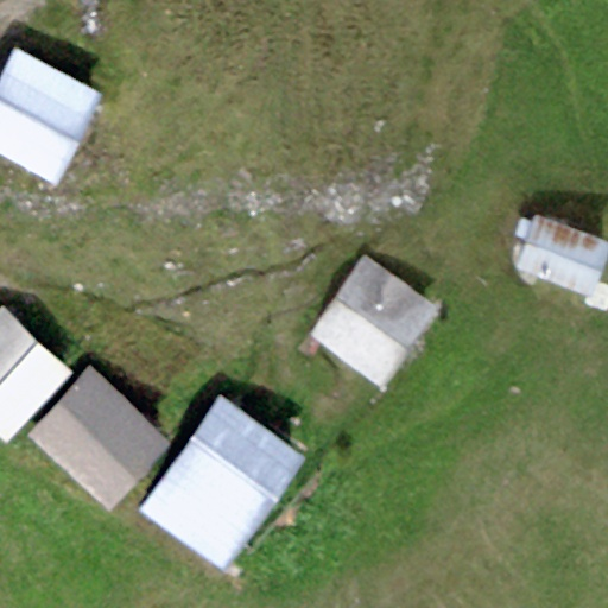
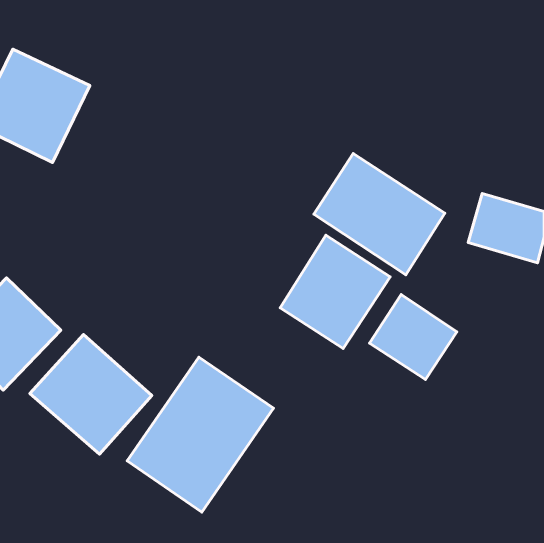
building: none -> [314,153,445,275]
building: none -> [369,294,457,379]

